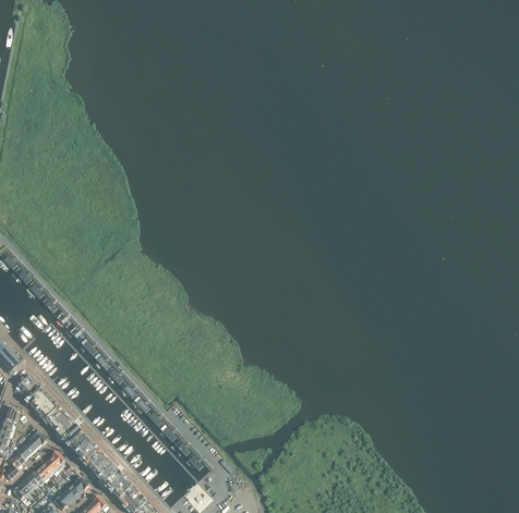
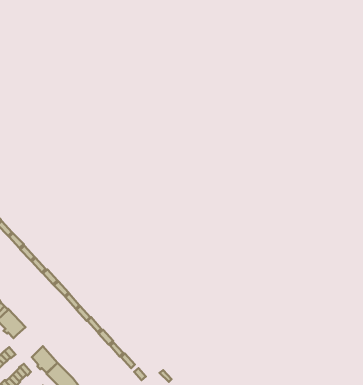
building: [63,427,98,463] -> none

